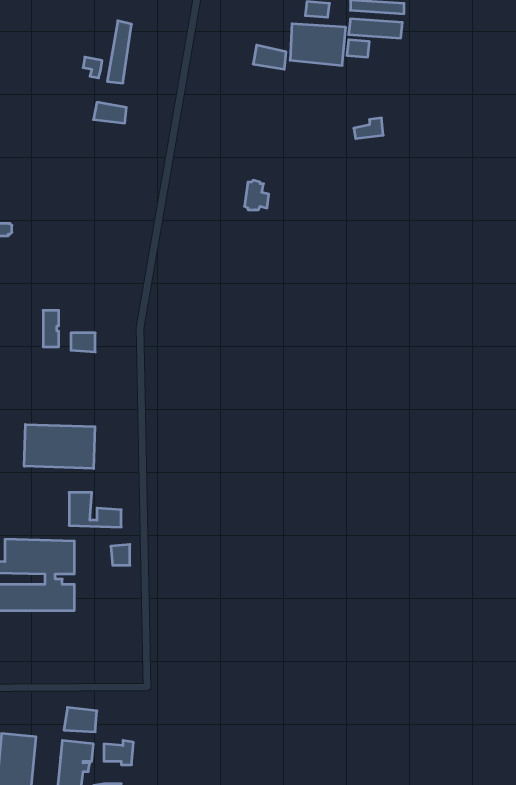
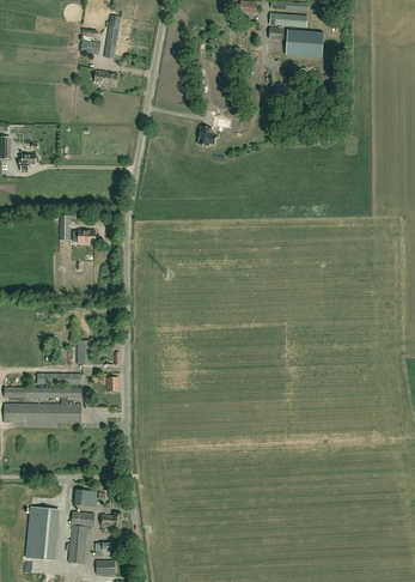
building: [290,24,346,65] -> [286,30,324,59]
building: [24,424,95,469] -> none

